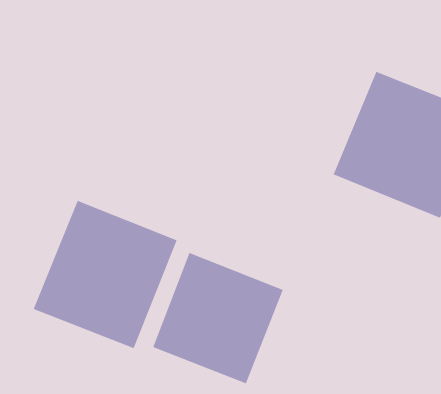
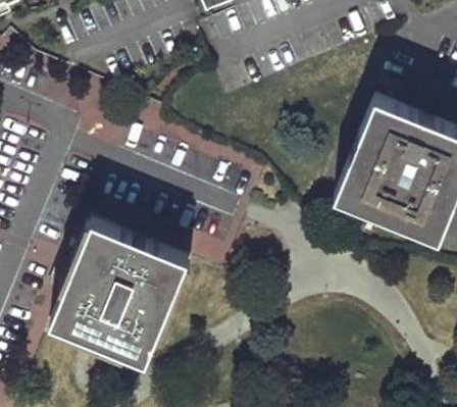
building: [152,252,284,384] -> none

